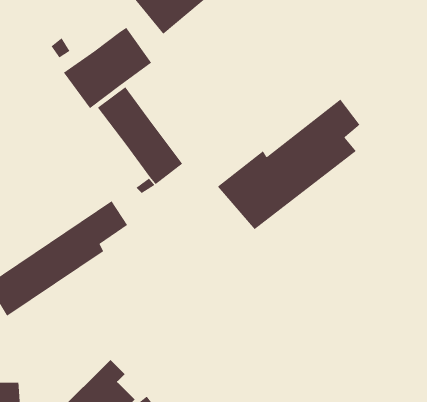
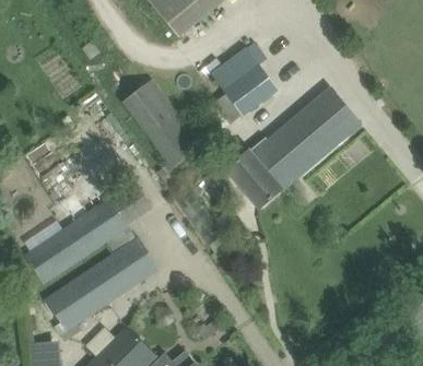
building: [63,27,152,109] -> none
building: none -> [209,40,277,116]
building: none -> [44,227,172,330]

